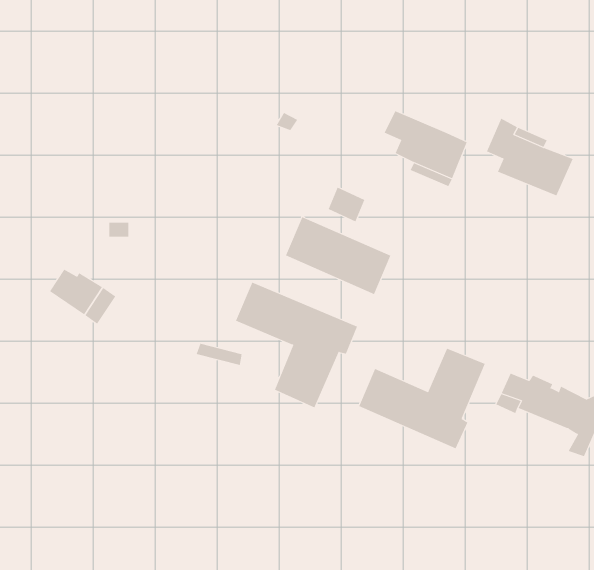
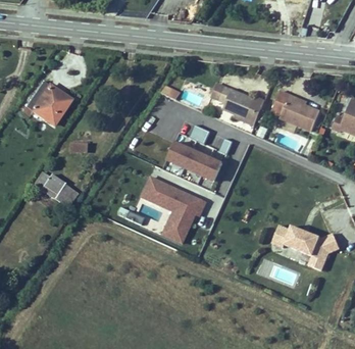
building: none -> [29,78,79,123]
building: [359,348,486,449] -> none

